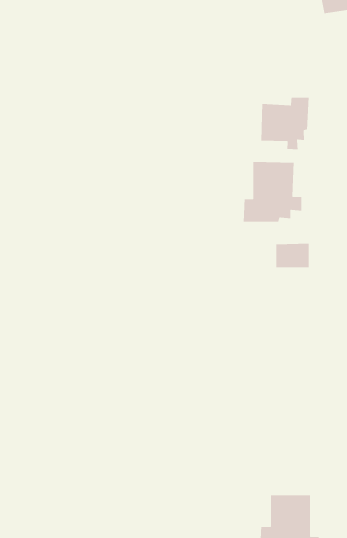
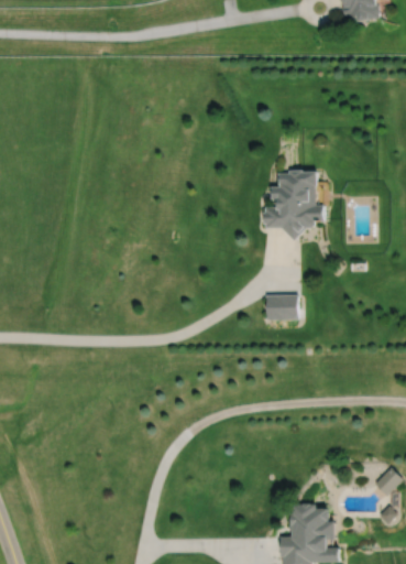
building: [260,97,309,150] -> none
building: [275,243,309,268] -> [265,294,299,319]

